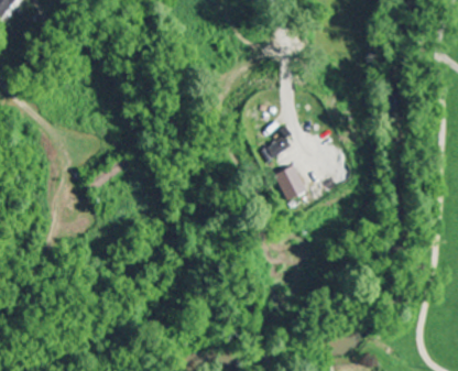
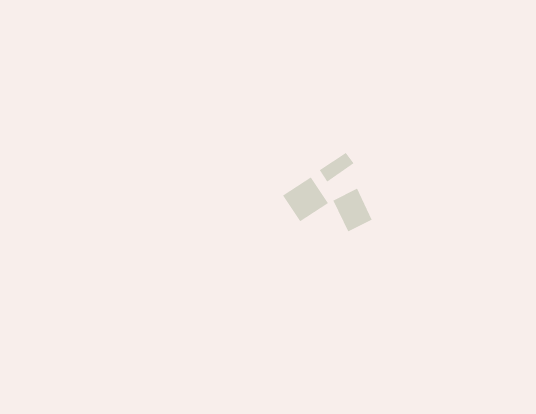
building: none -> [282,177,329,222]

